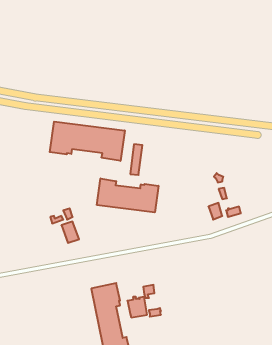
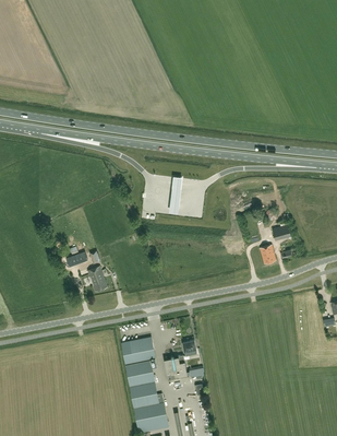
building: [50,122,125,161] -> none
building: [97,178,158,212] -> none

